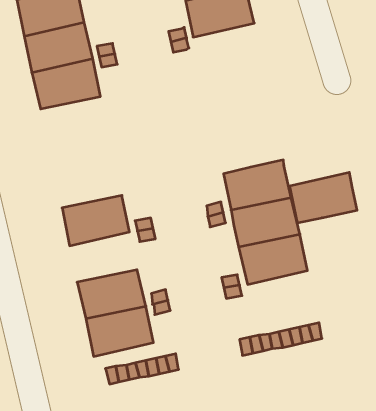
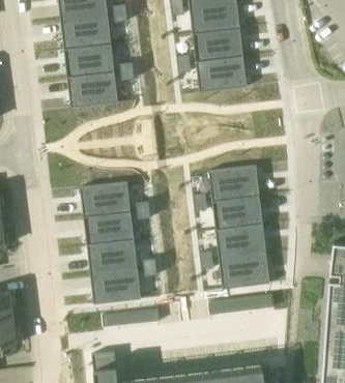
building: none -> [195,57,247,93]
building: [290,172,357,223] -> [219,254,269,289]
building: none -> [83,210,134,245]

